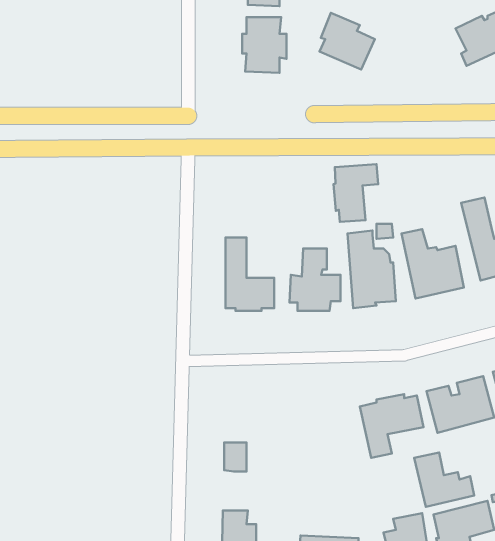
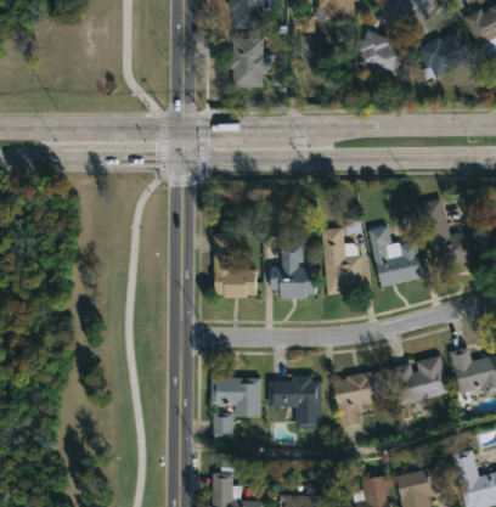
building: [320,13,375,70] -> [356,29,405,79]
building: [333,164,378,222] -> none
building: none -> [267,374,322,429]
building: none -> [210,376,260,416]
building: [414,453,474,507] -> none

